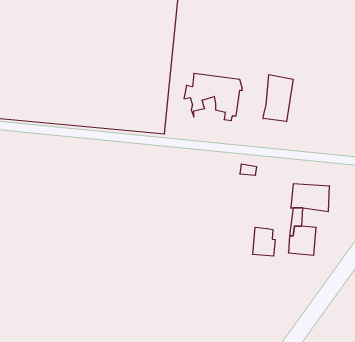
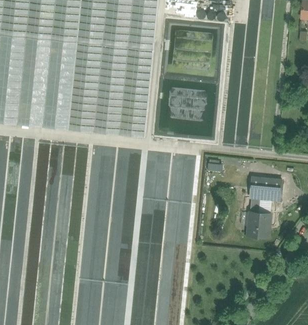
building: [263,75,293,122] -> none
building: [253,227,275,256] -> none

